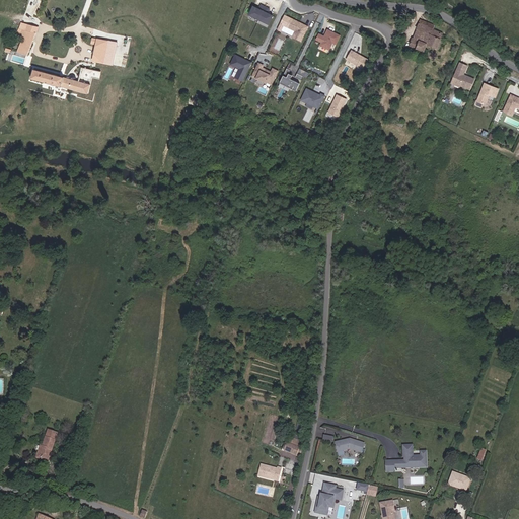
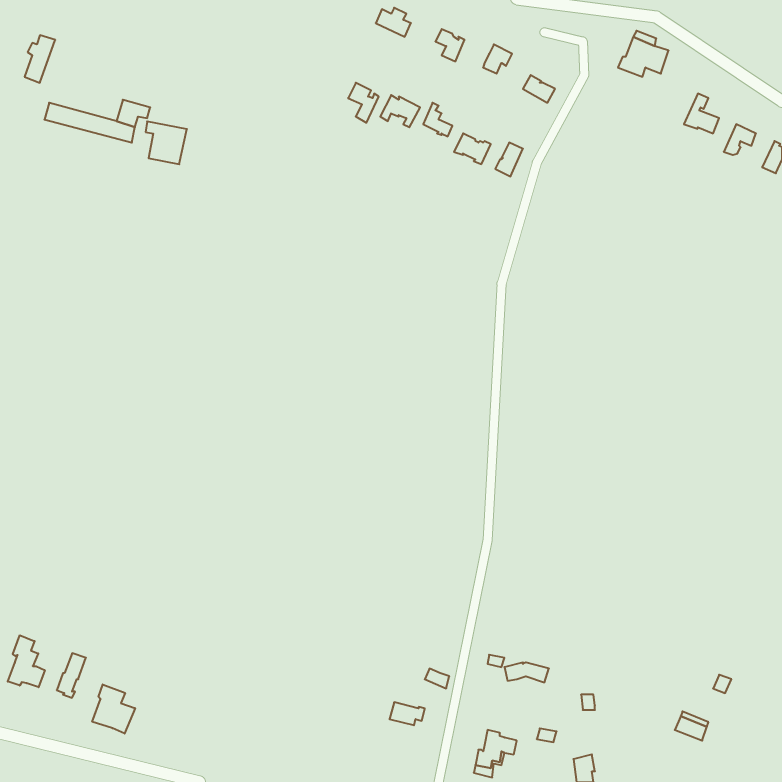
building: [91,35,119,64] -> [146,121,187,164]
building: none -> [8,635,45,687]
building: [398,443,425,466] -> none
building: none -> [92,684,135,734]

